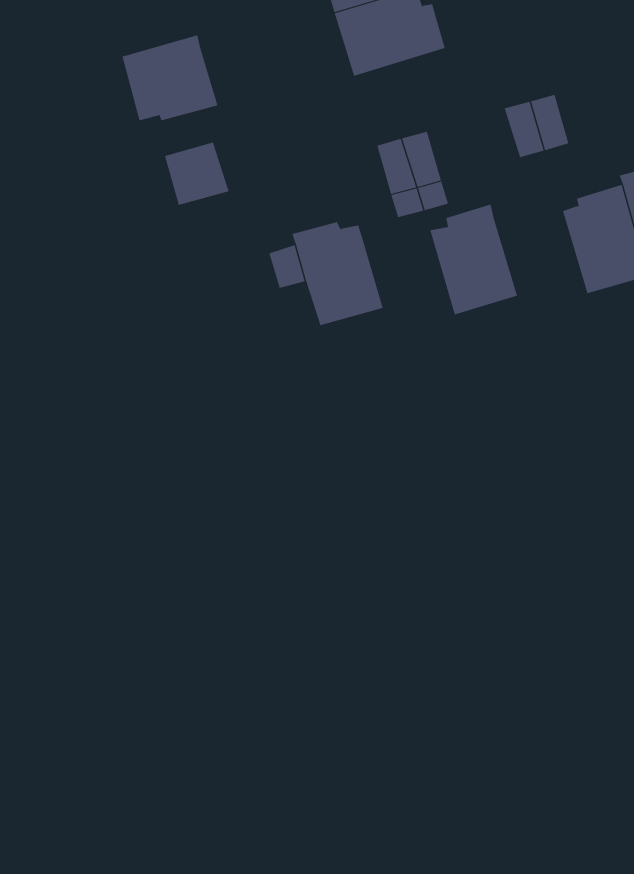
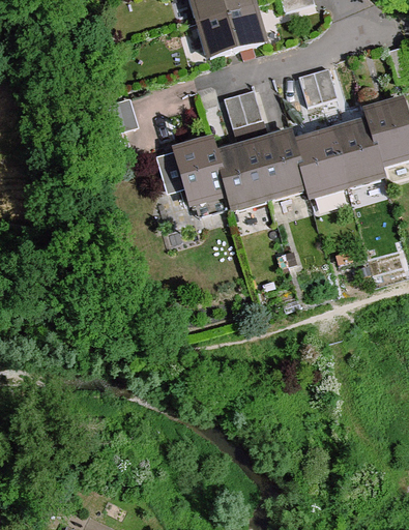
building: [122,34,218,121] -> none
building: none -> [292,132,346,195]
building: none -> [215,144,268,206]

